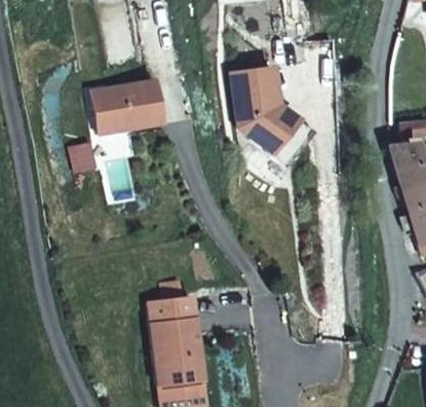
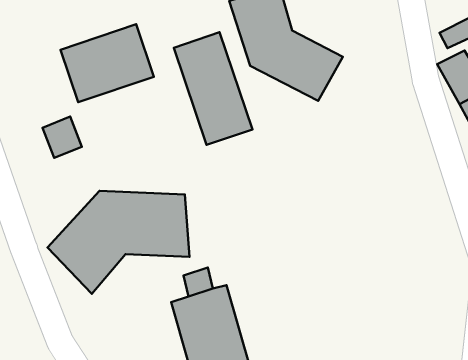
building: none -> [174,32,253,145]
building: none -> [48,191,189,294]

